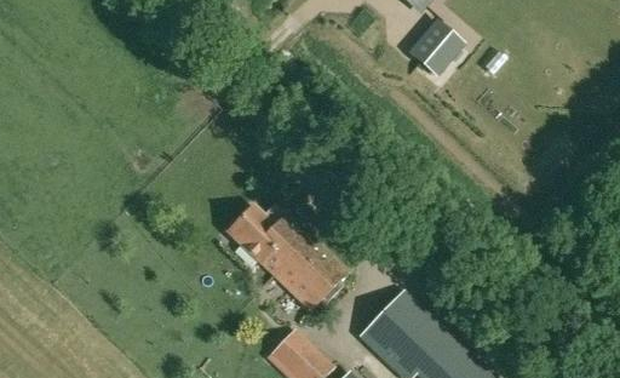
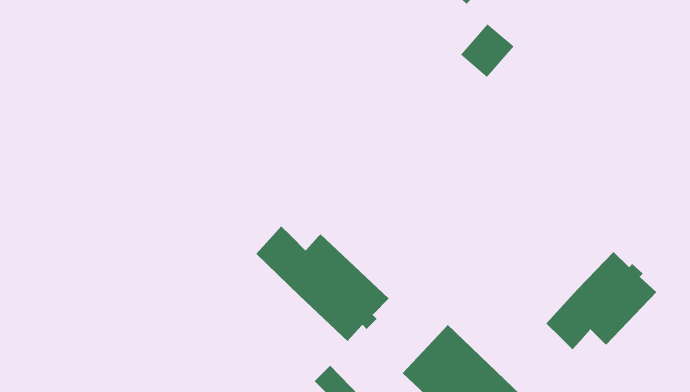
building: none -> [545,251,657,350]

